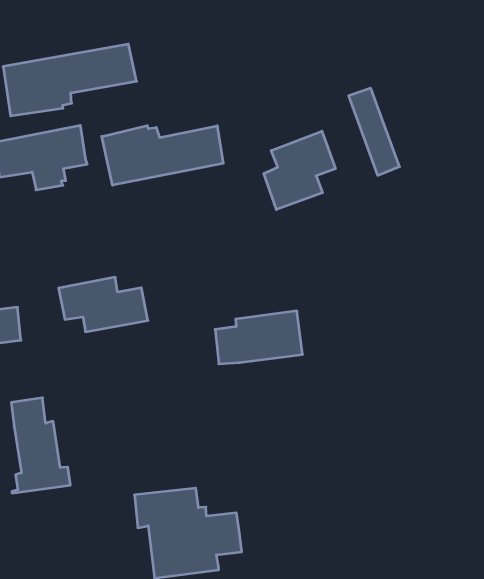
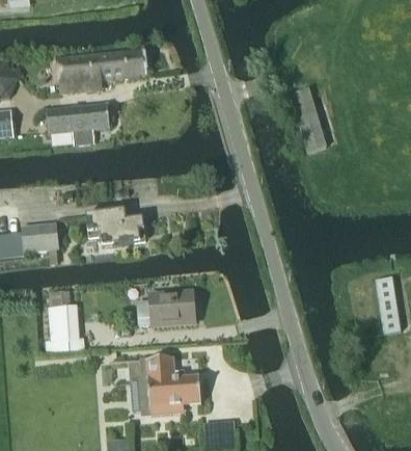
building: [102,126,223,185] -> none
building: [264,131,335,210] -> none
building: [215,311,303,364] -> [136,291,195,324]

